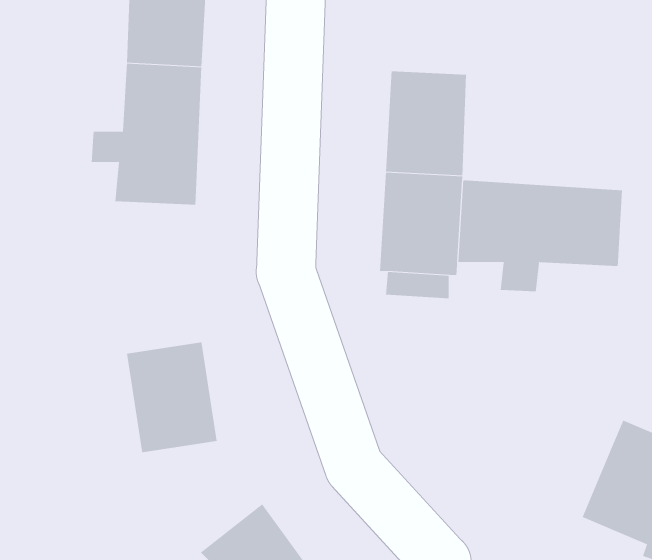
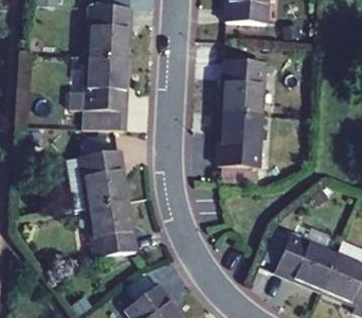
building: [458,180,623,292] -> none
building: none -> [67,149,128,209]
building: none -> [276,234,339,290]

